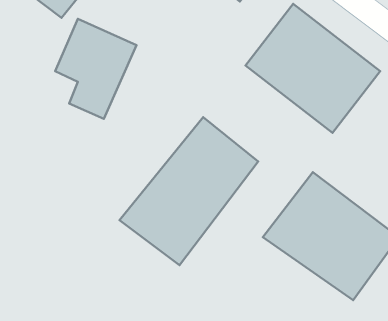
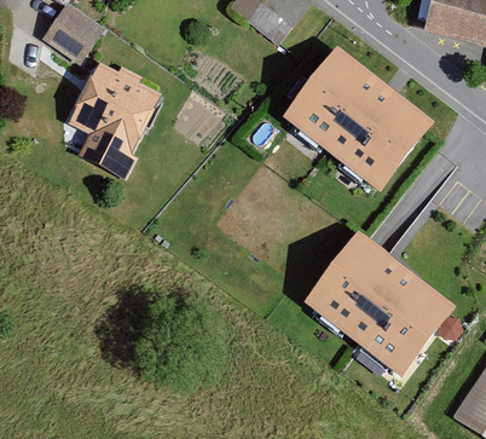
building: [119,117,258,265] -> none

